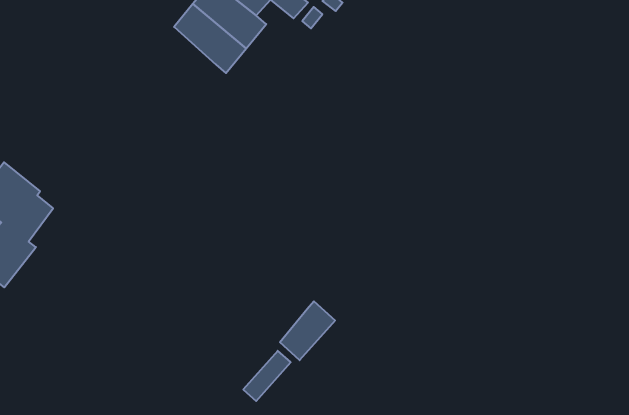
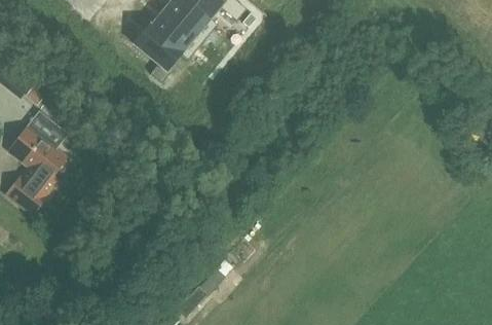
building: none -> [136,19,183,77]
building: [280,301,335,360] -> none

